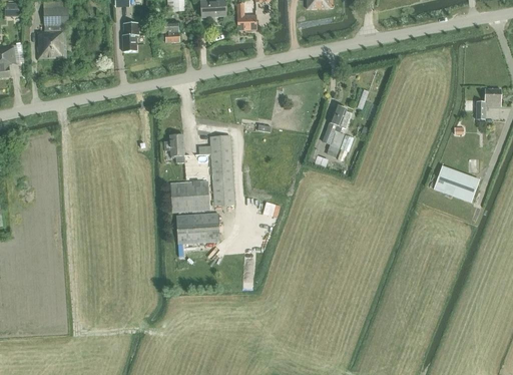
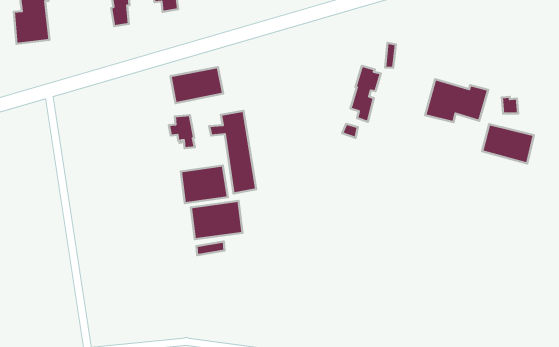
building: [476,89,501,118] -> none
building: none -> [171,67,223,103]
building: none -> [425,79,488,122]

